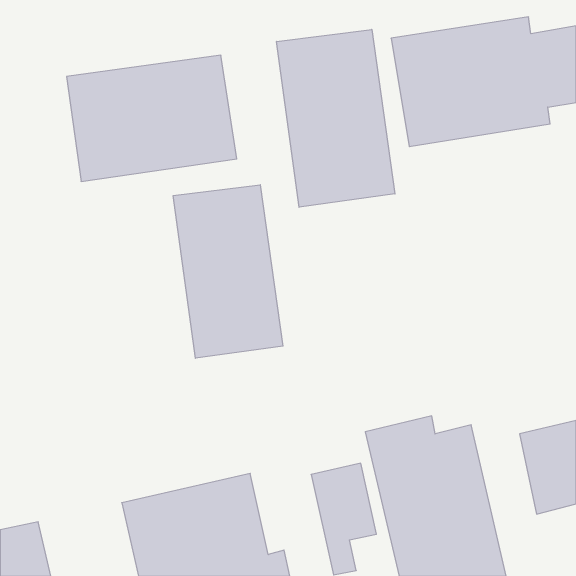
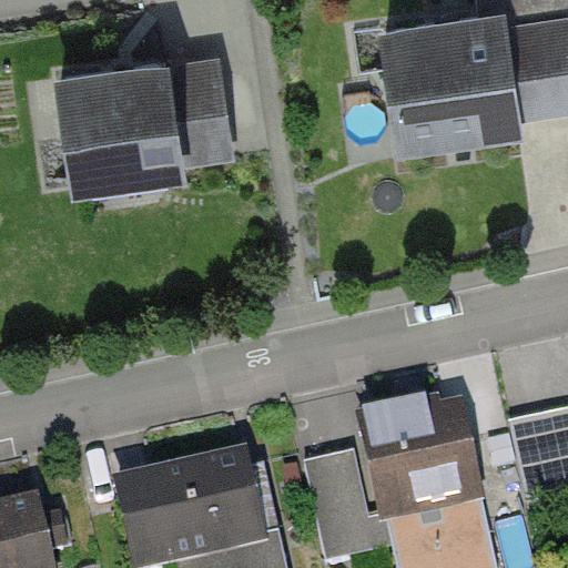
building: [277,29,395,207] -> none
building: [173,185,283,358] -> none

